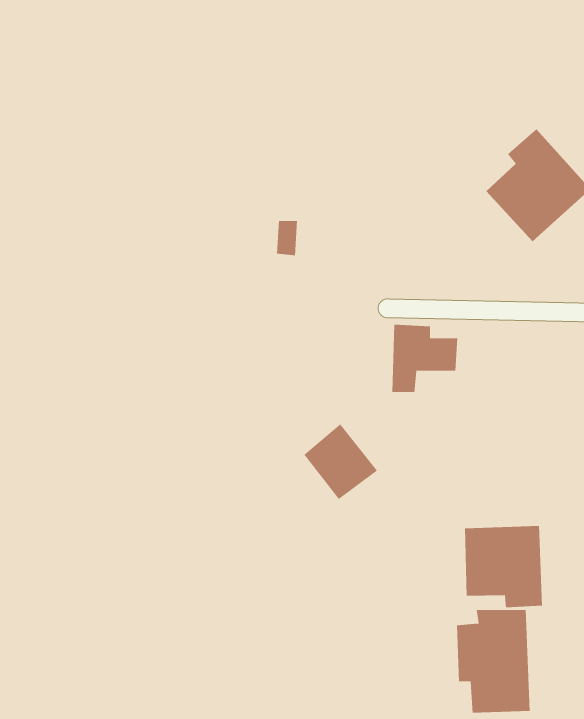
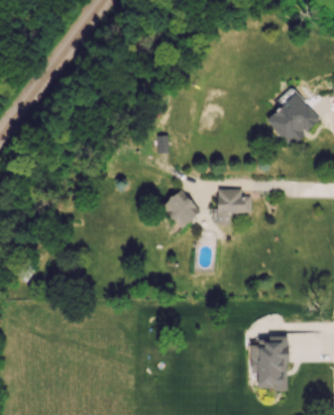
building: [303,423,378,500] -> [162,189,201,228]
building: [465,525,542,608] -> none

